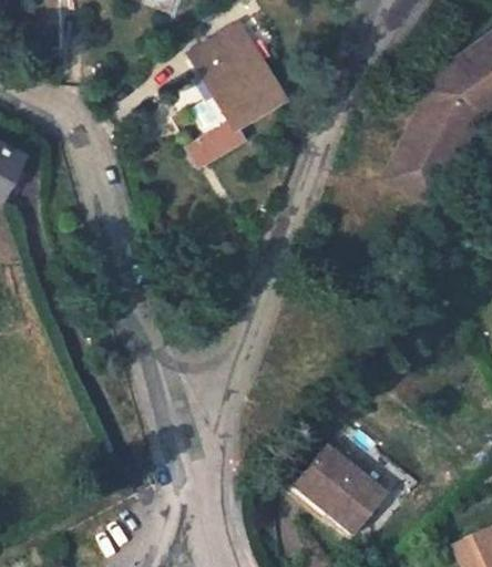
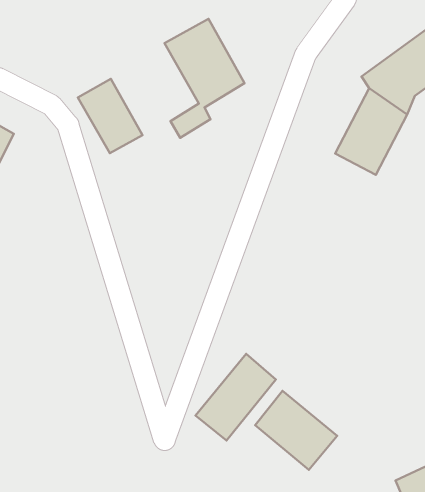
building: none -> [78,79,143,153]
building: none -> [195,354,276,441]

